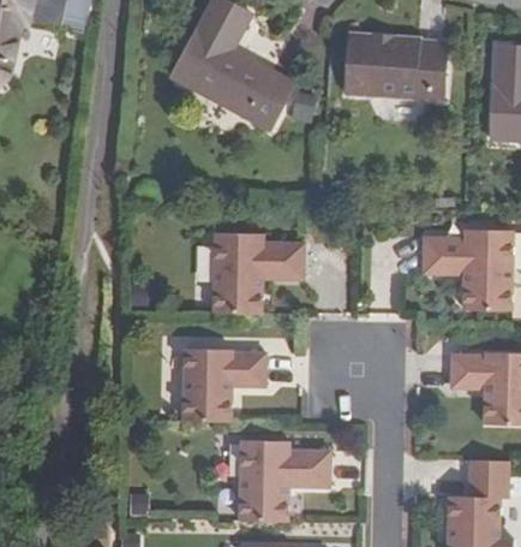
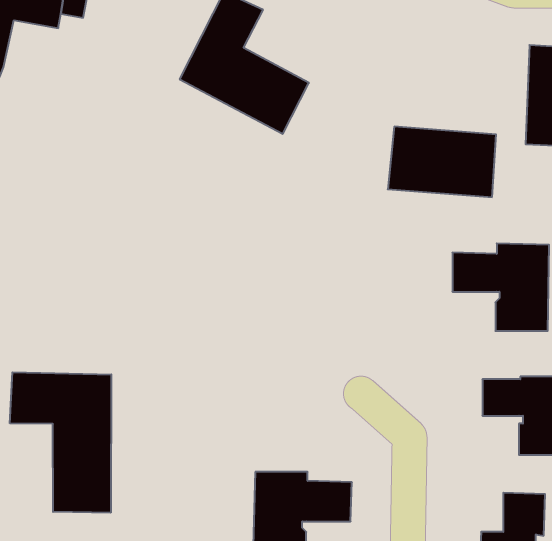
building: [345,35,444,100] -> [388,127,496,197]
building: [214,232,304,314] -> none
building: none -> [10,372,111,513]
building: [184,349,267,421] -> none

